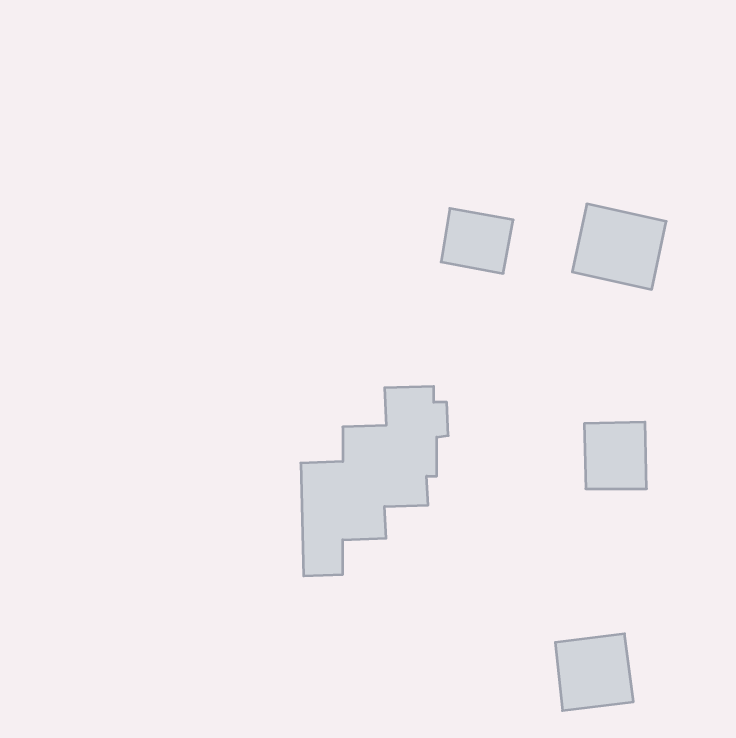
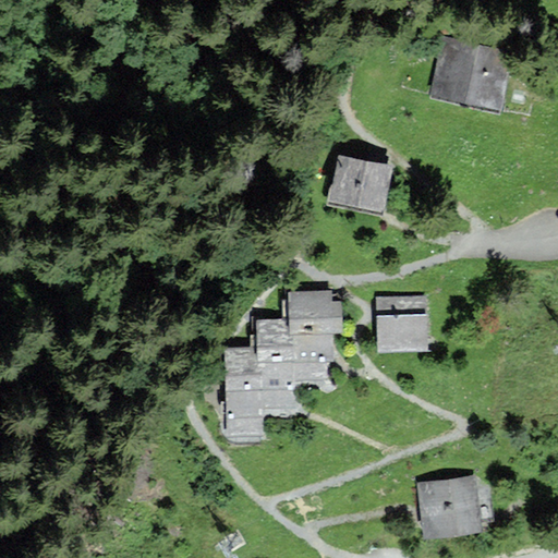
building: [572,204,666,289] -> [435,43,506,107]
building: [584,422,647,489] -> [377,299,424,349]

